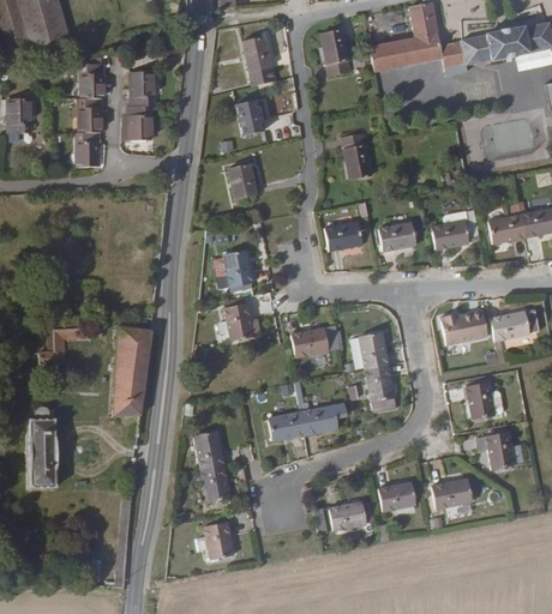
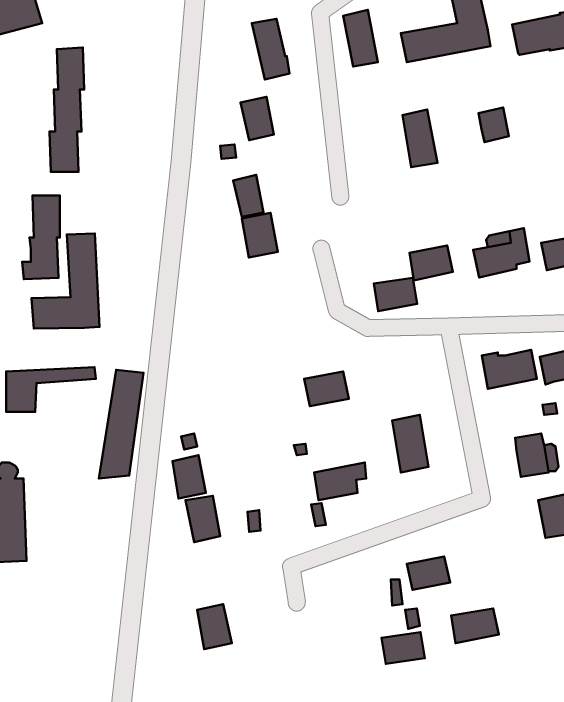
building: [442,41,467,70] -> [479,107,509,142]
building: [125,68,156,138] -> [22,195,60,279]
building: [342,134,371,182] -> [403,109,437,167]
building: none -> [32,234,99,328]
building: [324,223,360,251] -> [374,278,417,311]
building: [221,251,251,288] -> [242,213,278,258]
building: [222,305,251,341] -> none
building: [356,335,385,369] -> none
building: [265,413,301,443] -> none
building: [198,465,226,501] -> [173,455,206,499]
building: [427,480,467,508] -> [451,608,499,643]
building: [324,500,360,526] -> [381,632,425,664]

